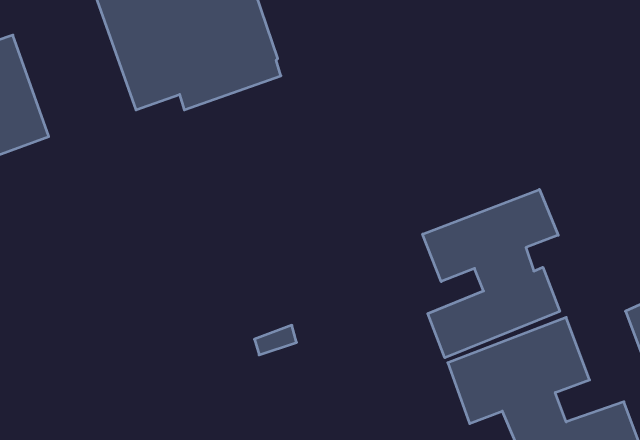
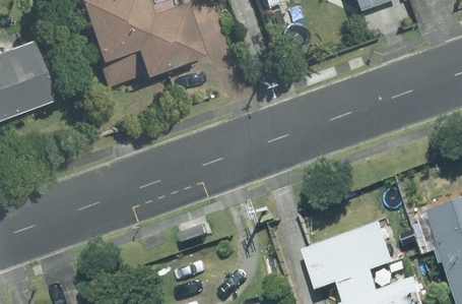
building: [423,189,560,358] -> none

